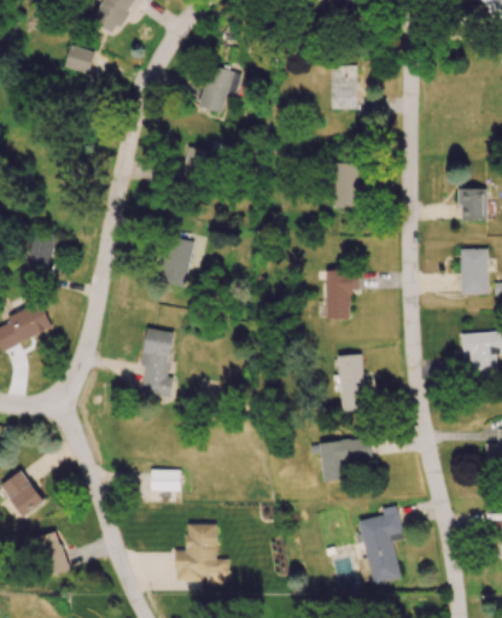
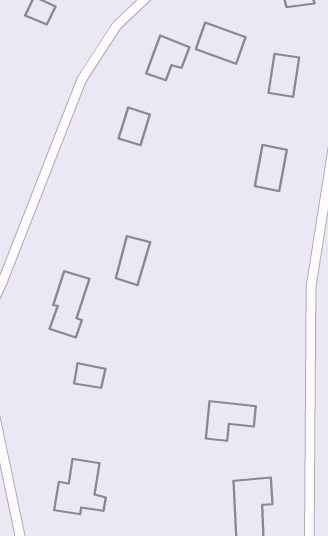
building: none -> [196,22,245,64]
building: [163,237,193,286] -> [116,236,150,285]
building: [326,269,355,319] -> none
building: [339,354,364,412] -> none
building: [151,468,181,490] -> [74,363,105,388]

